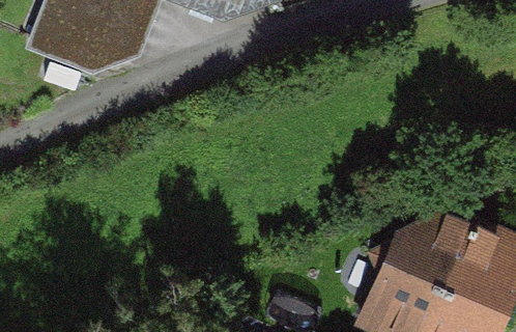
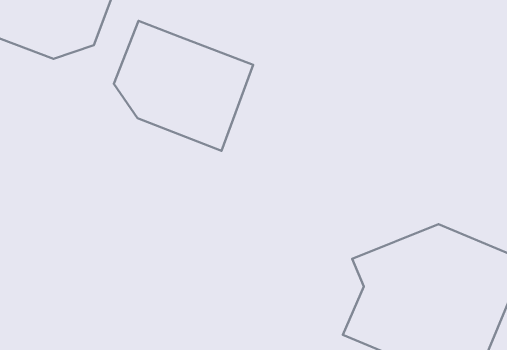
building: none -> [114,21,253,151]

